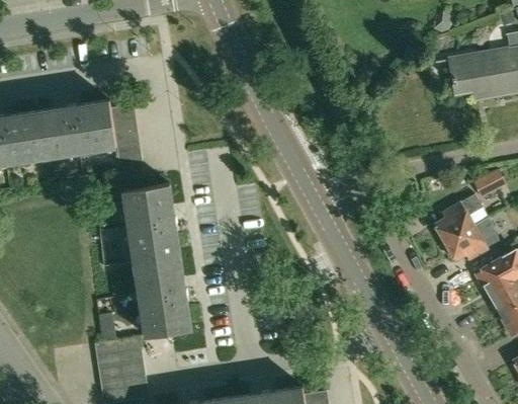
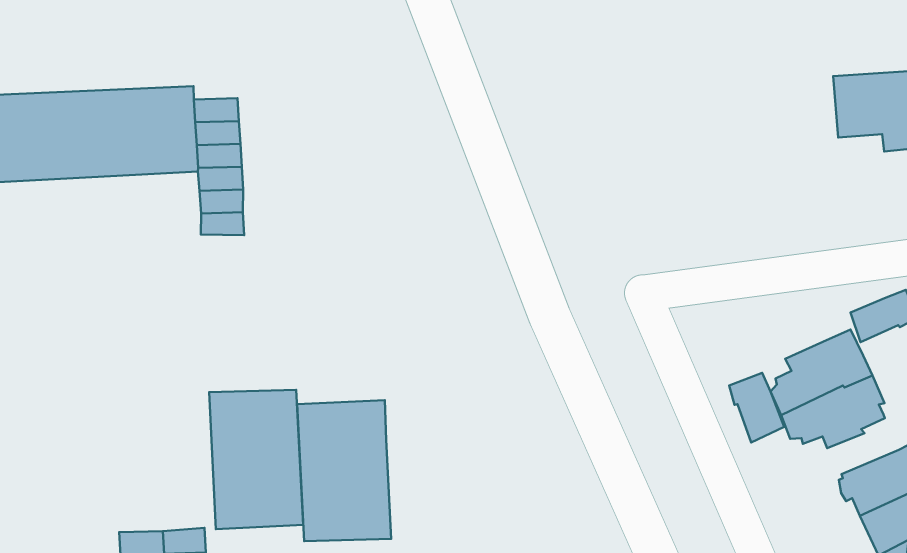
building: [122,184,180,264] -> [297,400,391,541]
building: none -> [729,373,784,442]

